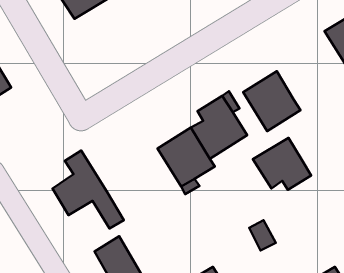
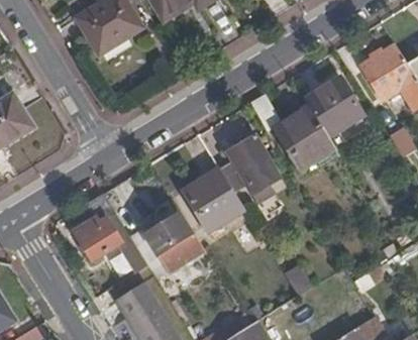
building: none -> [306,80,361,138]
building: [253,138,311,190] -> none
building: none -> [131,213,205,279]

